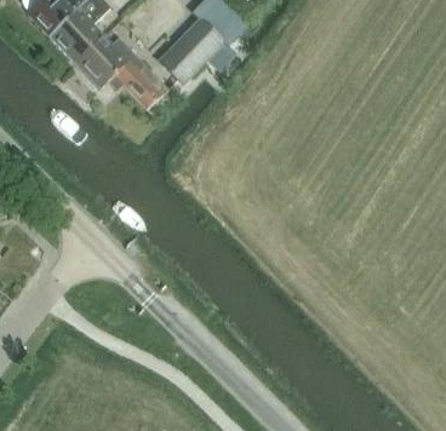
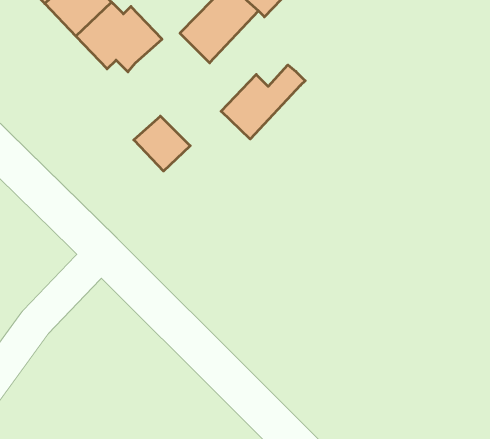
building: [122,64,168,109] -> [134,116,190,171]
building: none -> [221,65,305,139]

